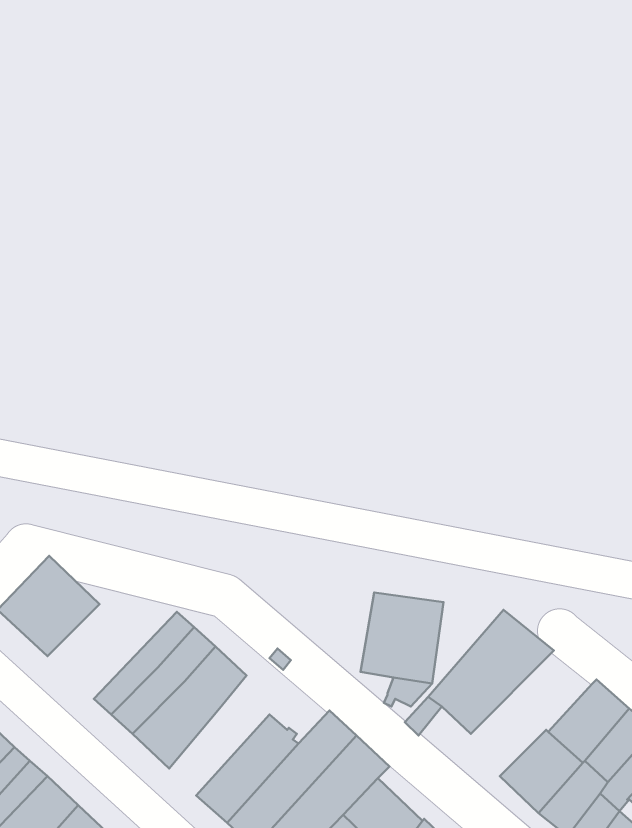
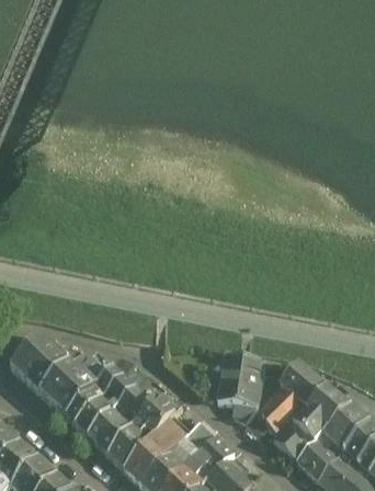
building: none -> [41,355,114,416]
building: none -> [275,389,350,460]
building: none -> [110,398,177,471]

